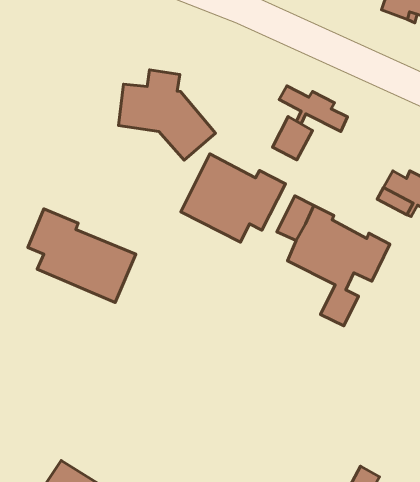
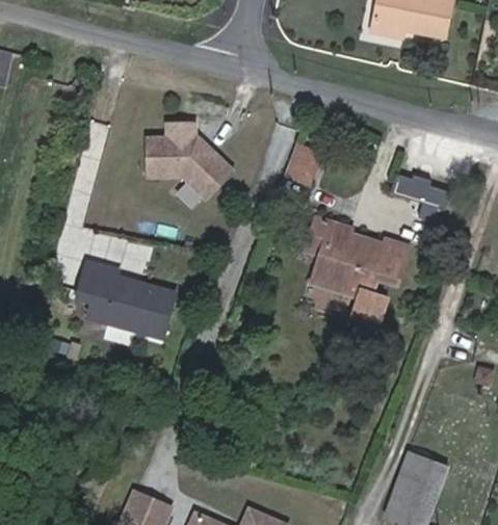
building: [279,86,348,132] -> none
building: [181,154,286,242] -> none

